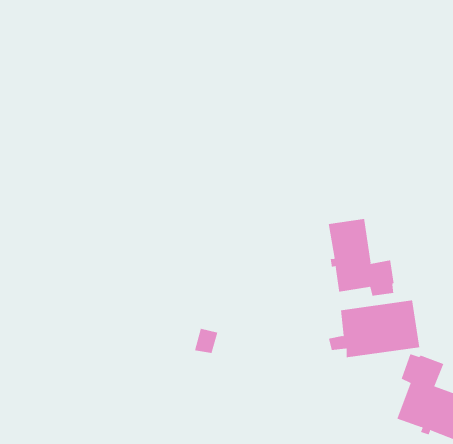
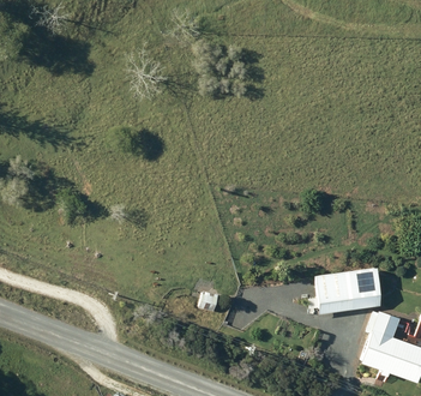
building: [328,218,394,297] -> none

